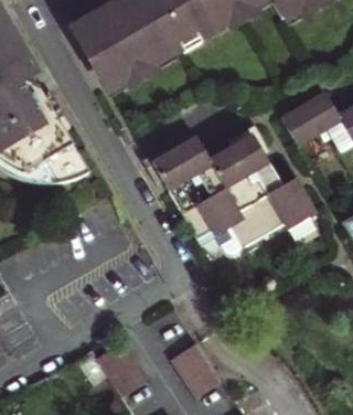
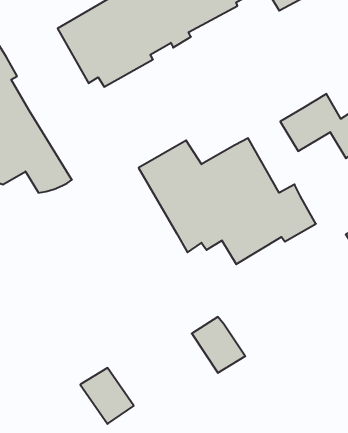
building: [173,343,223,395] -> [192,317,245,373]

